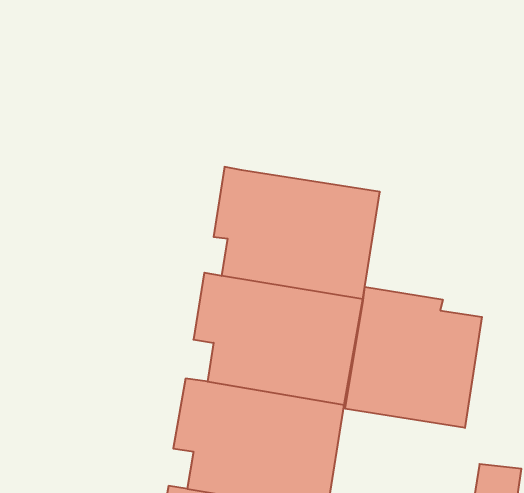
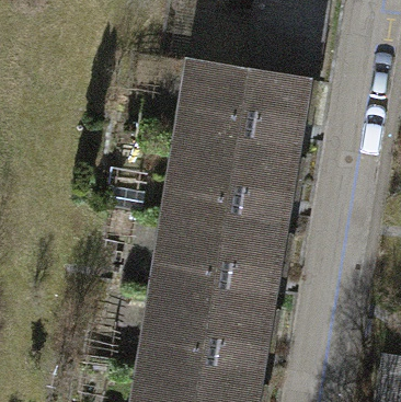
building: none -> [194,62,310,160]
building: [345,287,482,428] -> none

